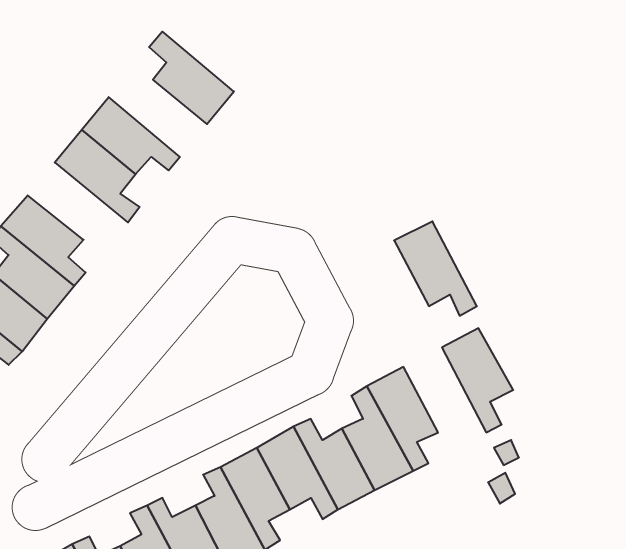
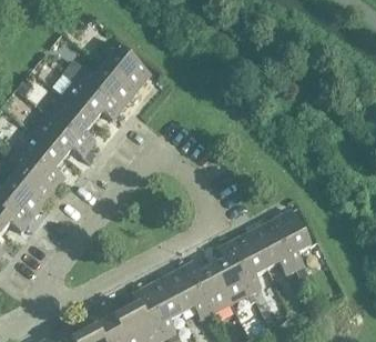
building: none -> [78,67,134,111]
building: none -> [31,114,89,159]
building: [394,221,477,316] -> [247,221,295,275]

